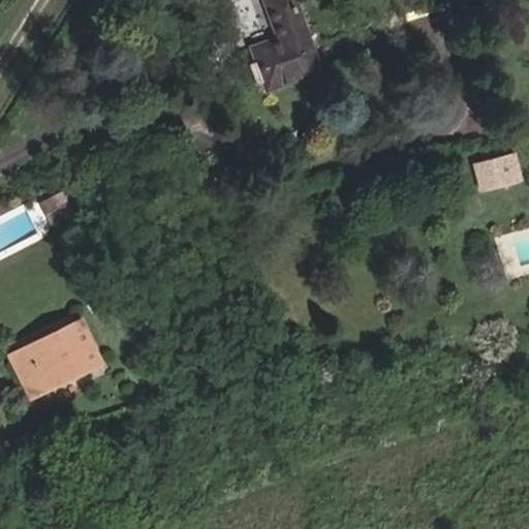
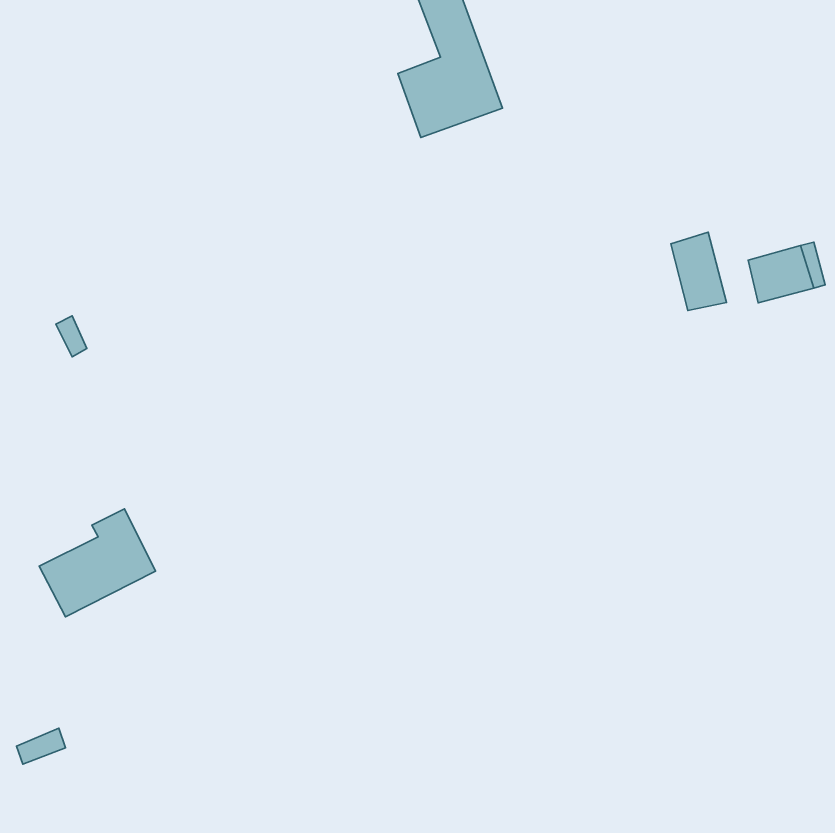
building: none -> [671,232,727,310]
building: [12,332,63,394] -> none

